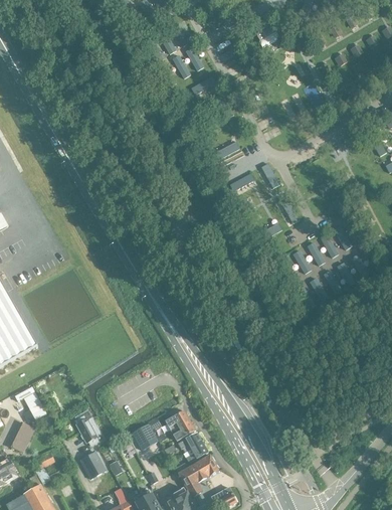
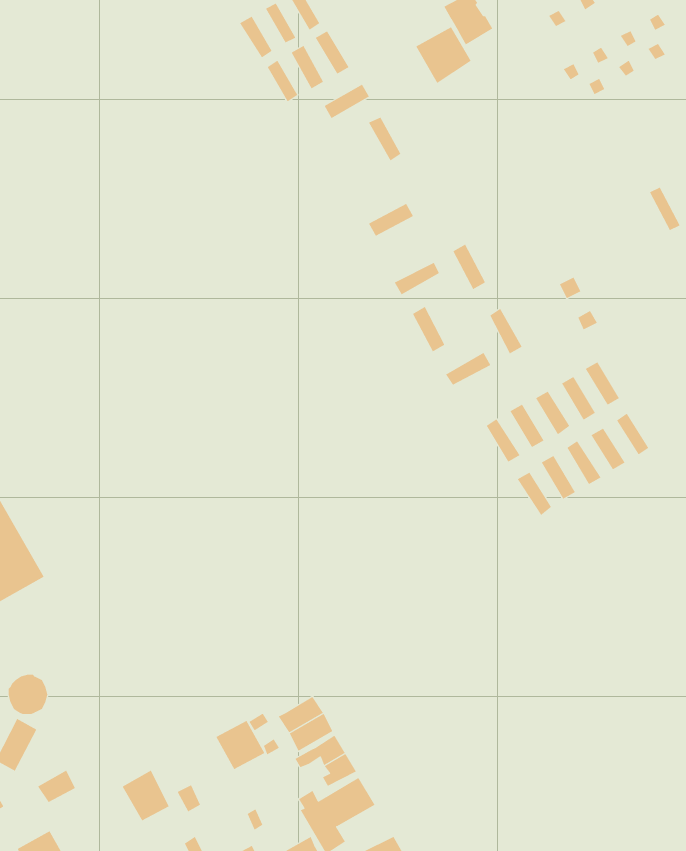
building: none -> [416,27,472,84]
building: [76,414,101,446] -> none

